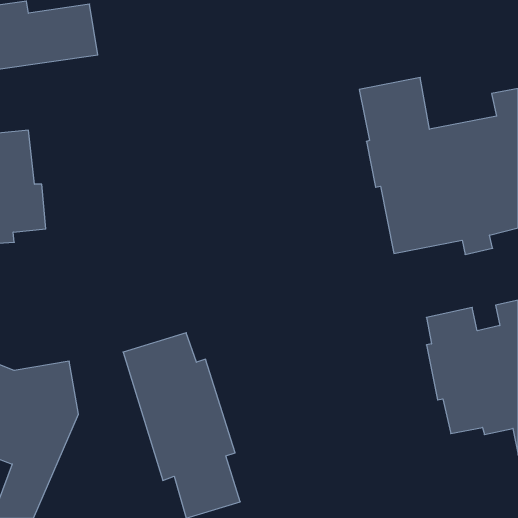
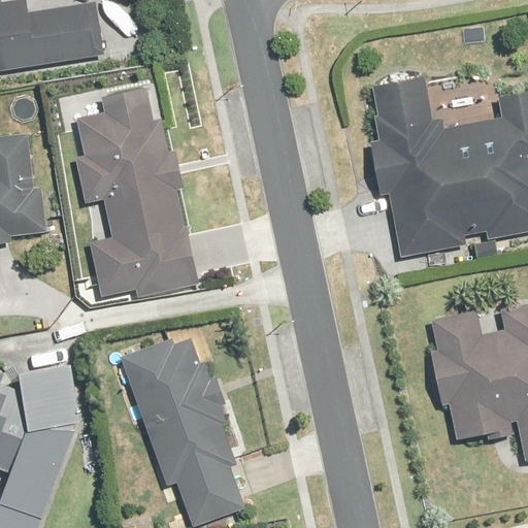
building: none -> [76,89,197,298]

